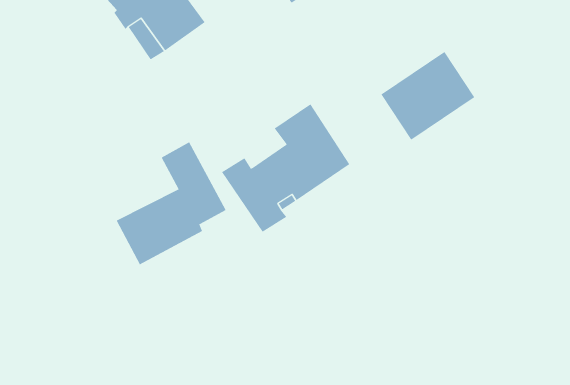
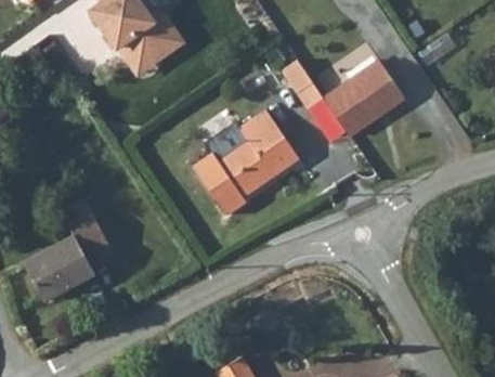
building: none -> [283,56,325,106]
building: [116,142,226,265] -> [29,200,120,302]

